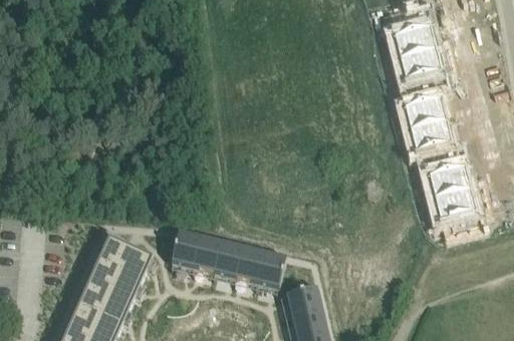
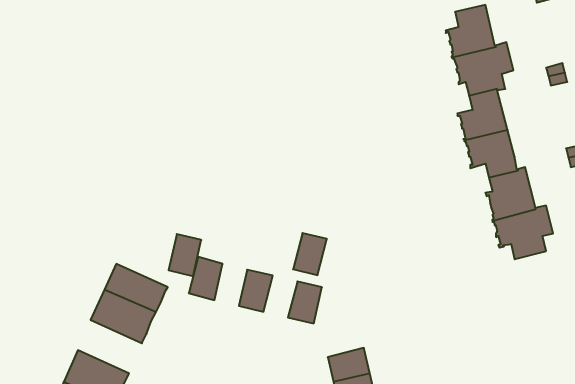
building: [193,236,221,272] -> [169,234,201,276]
building: [235,246,264,282] -> [293,233,327,275]
building: [75,284,131,330] -> none
building: [285,287,321,316] -> none

